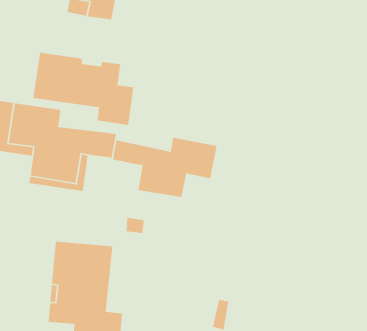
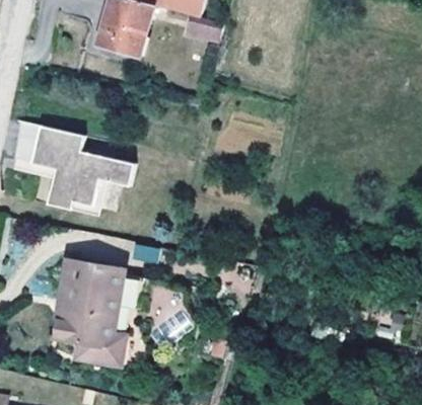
building: [32,52,134,126] -> none
building: [112,137,217,198] -> none

